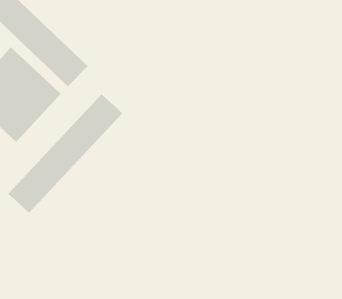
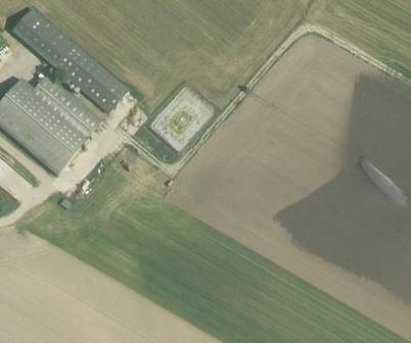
building: [8,93,123,214] -> none

